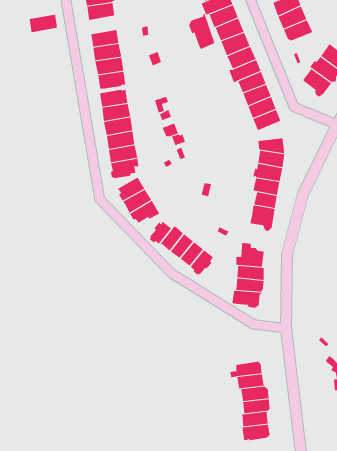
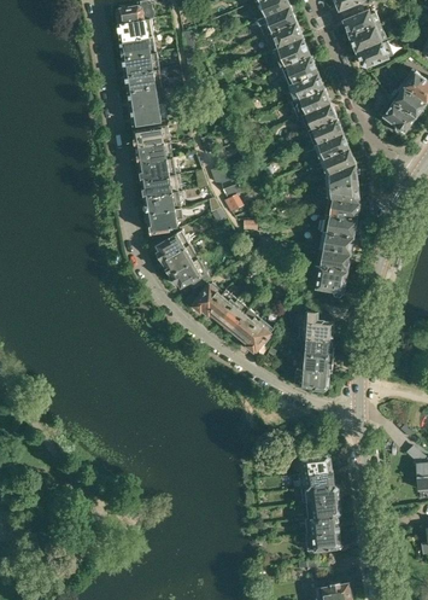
building: [189,13,215,50] -> none
building: [29,14,58,33] -> [121,36,156,59]
building: none -> [324,164,357,188]

